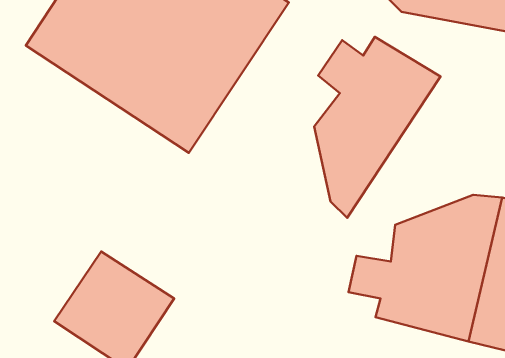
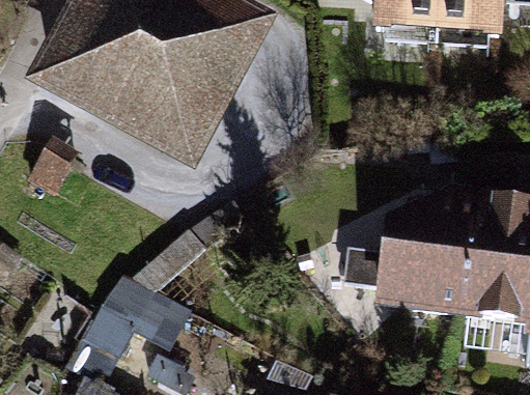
building: [314,37,440,218] -> none

